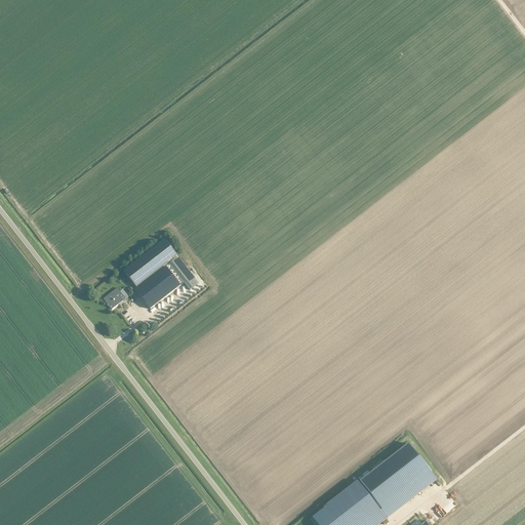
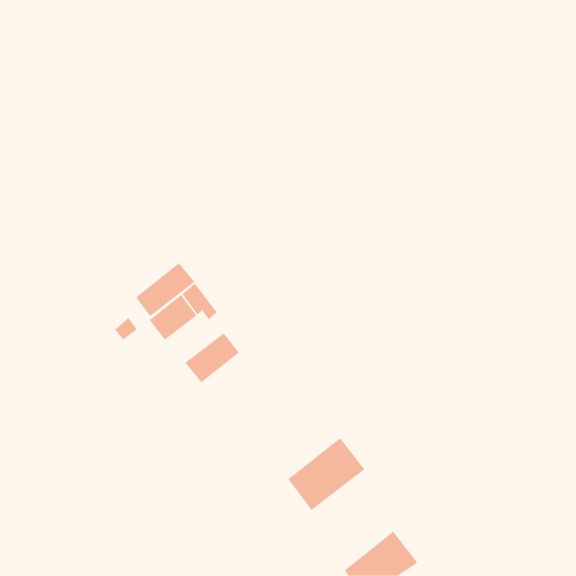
building: none -> [184,332,240,383]
building: [360,444,431,511] -> [288,438,365,511]

